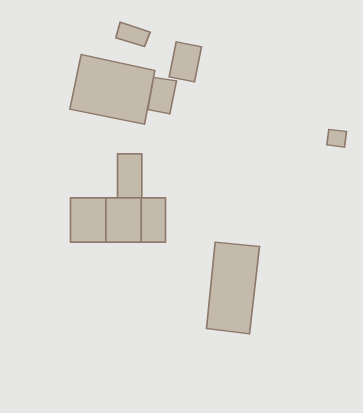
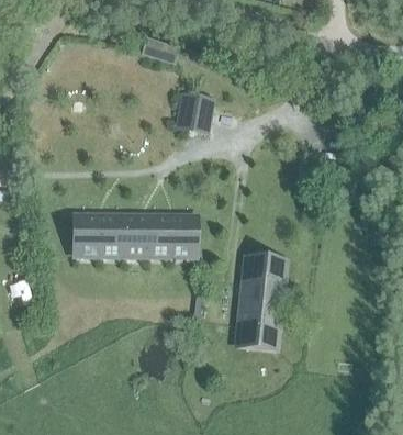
building: [169,42,202,82] -> none
building: [70,54,155,124] -> none
building: [118,154,142,198] -> [75,213,99,257]

